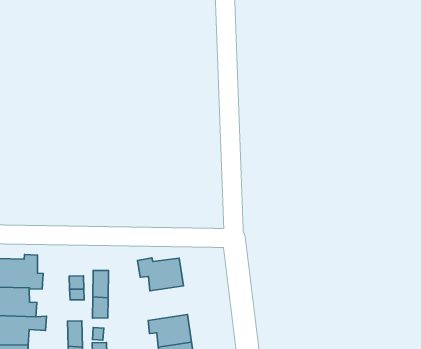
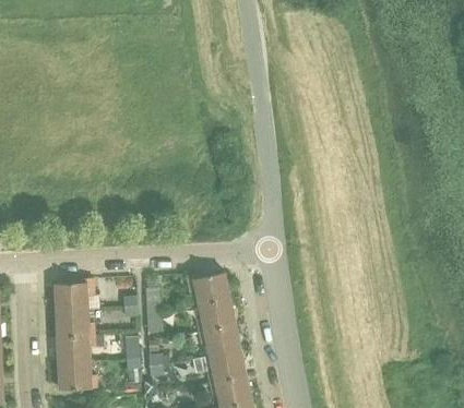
building: none -> [195,298,235,332]

